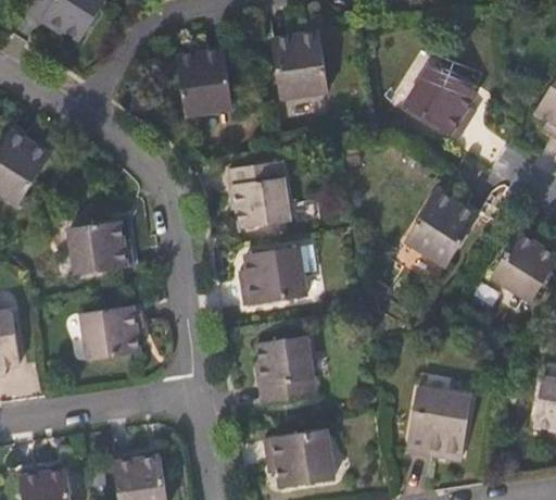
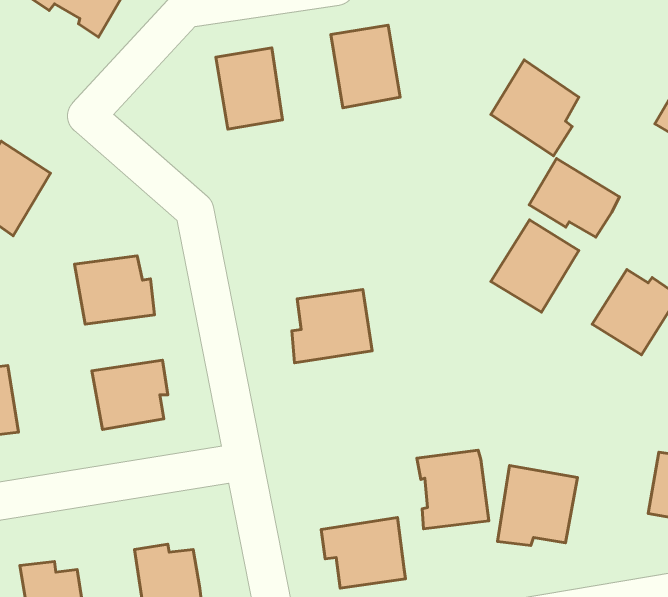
building: none -> [529,158,620,237]
building: [227,162,289,227] -> none
building: [256,339,315,403] -> [417,450,489,529]

